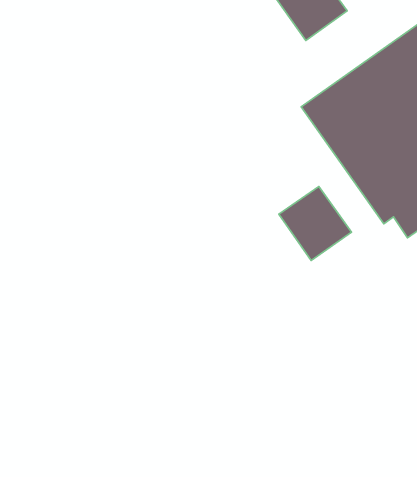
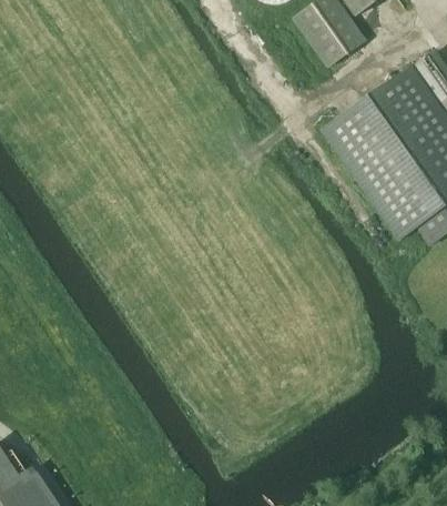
building: [279,187,352,261] -> none

